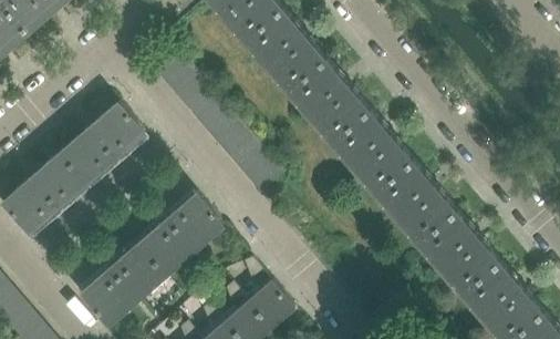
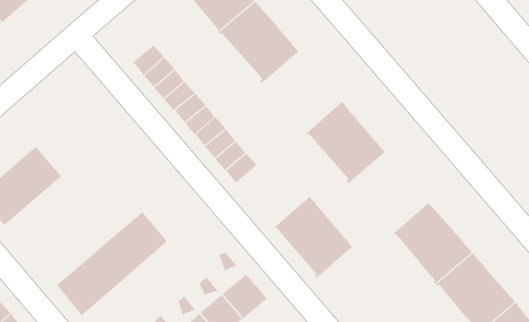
building: [287,61,367,144] -> none
building: [61,106,144,186] -> none
building: [374,162,454,245] -> [273,196,353,279]
building: [167,197,221,251] -> none

